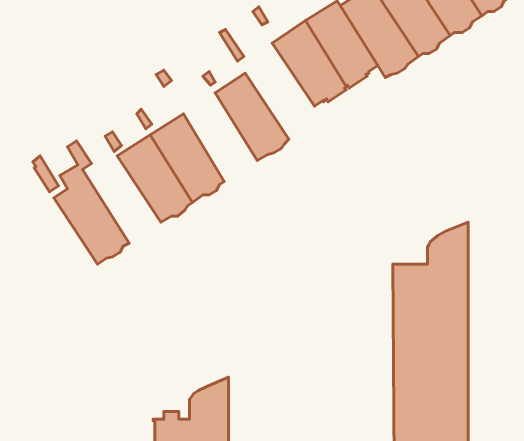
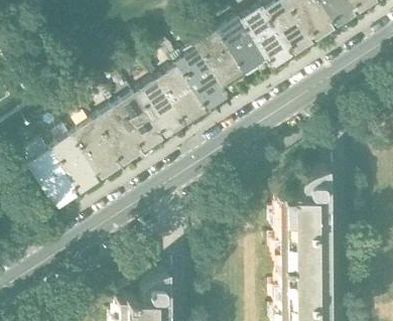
building: none -> [182,45,235,107]
building: none -> [142,75,191,135]
building: none -> [78,118,127,176]
building: none -> [34,146,85,204]

